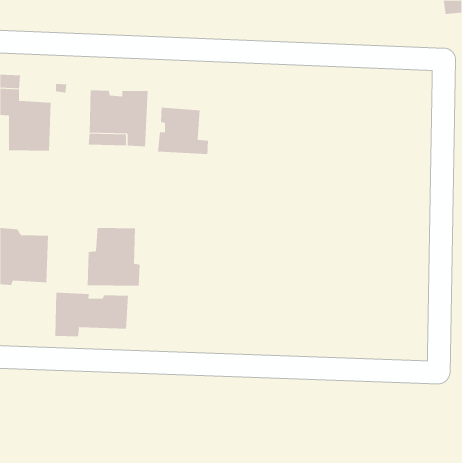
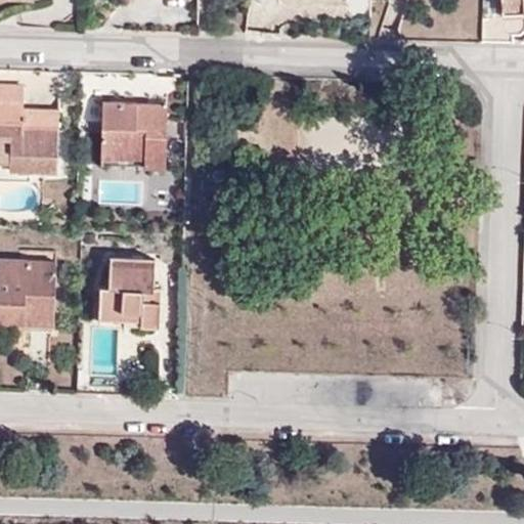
building: [157,107,209,155] -> none
building: [55,292,129,337] -> none

